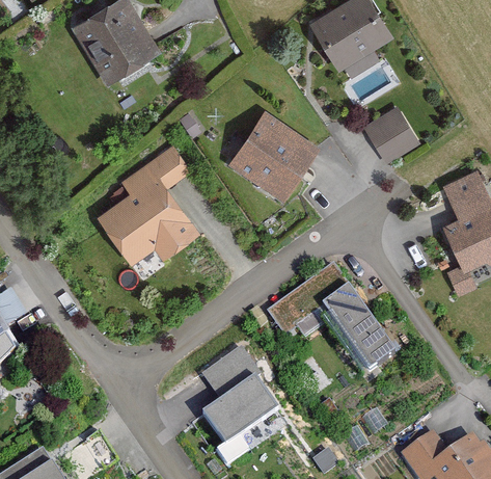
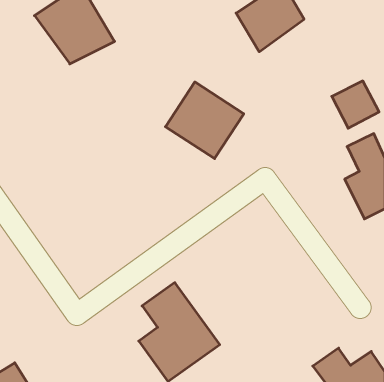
building: [364,106,421,163] -> [332,81,379,128]
building: [97,148,202,265] -> none
building: [270,266,397,376] -> none

